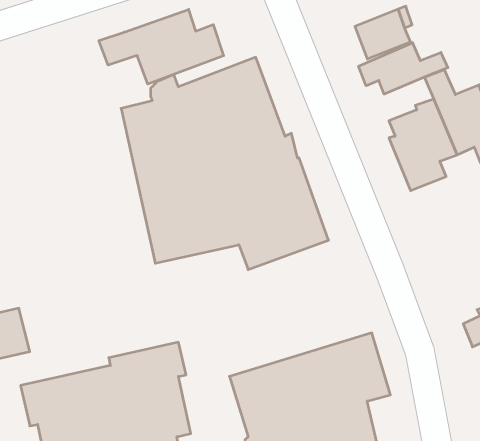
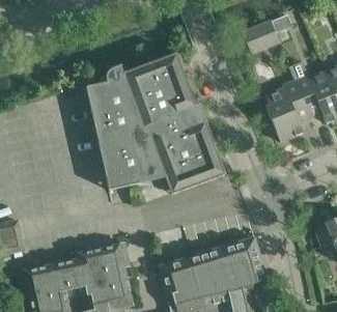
building: [99,9,224,84] -> none
building: [359,43,448,94] -> none

